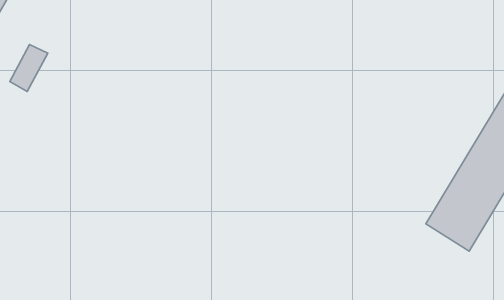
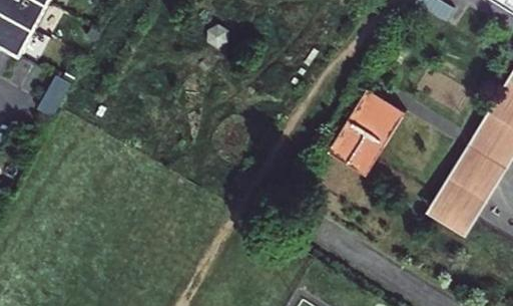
building: none -> [337,84,413,172]

